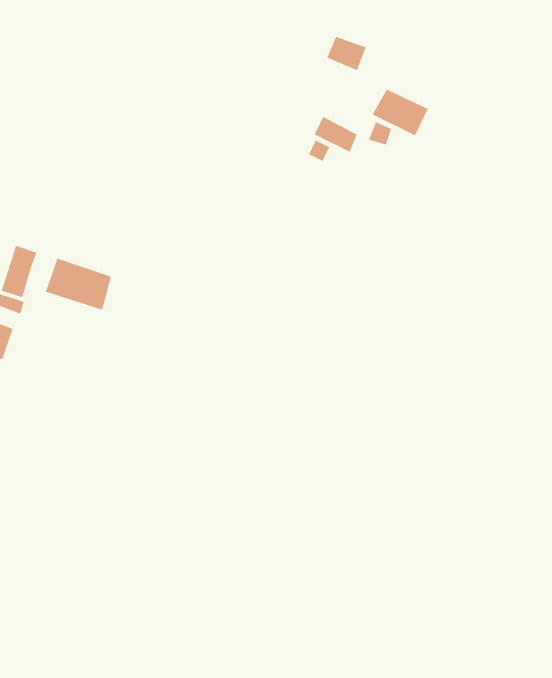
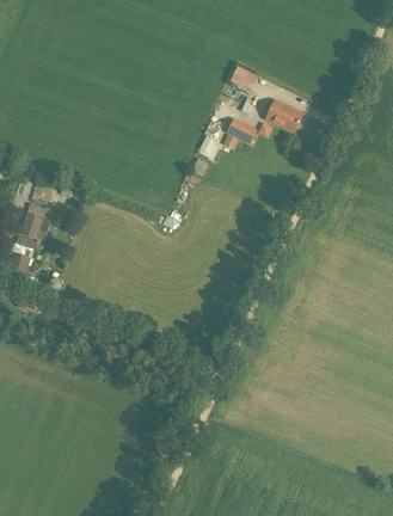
building: [45,258,111,311] -> none

